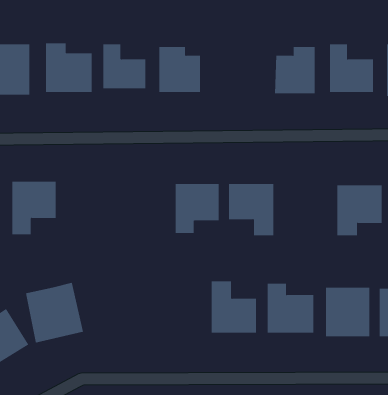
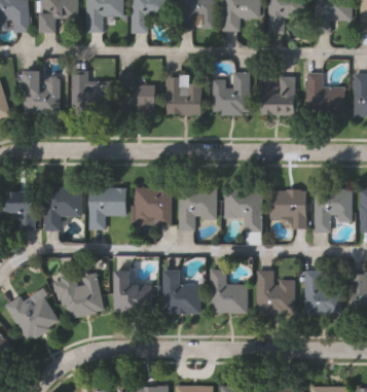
building: none -> [212,72,249,114]
building: none -> [88,187,125,229]
building: none -> [134,187,171,223]
building: none -> [269,189,305,228]
building: none -> [114,270,152,309]
building: none -> [163,270,201,313]

